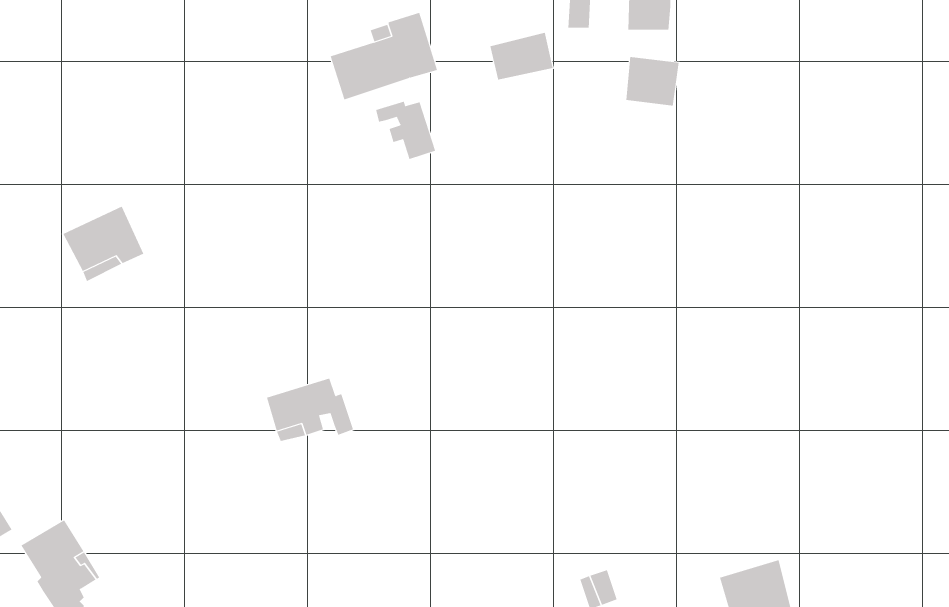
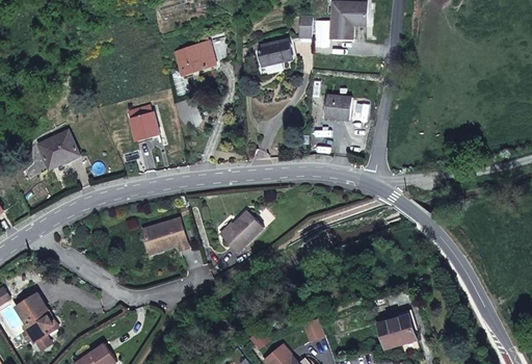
building: [625,56,679,106] -> [323,95,351,121]
building: [375,101,436,160] -> none
building: none -> [128,106,158,140]
building: none -> [221,211,262,253]

